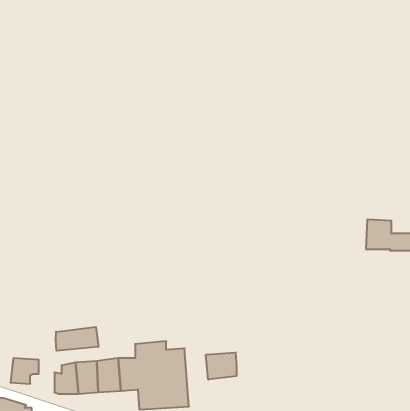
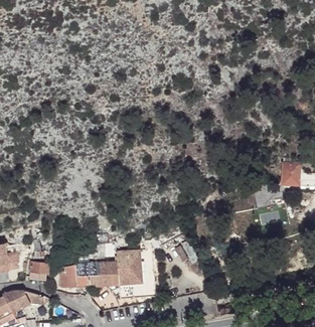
building: [56,327,98,351] -> none
building: [206,352,236,380] -> none

